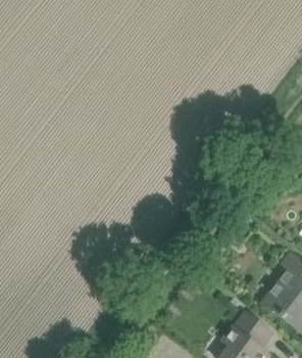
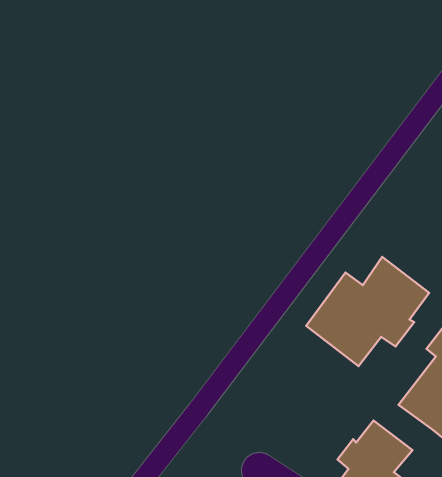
building: none -> [306,257,429,366]

